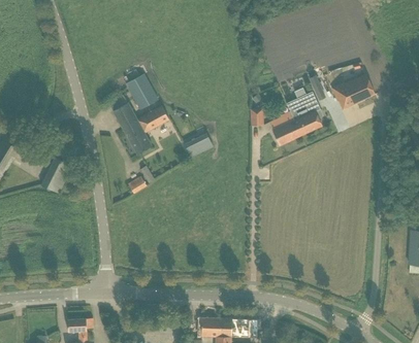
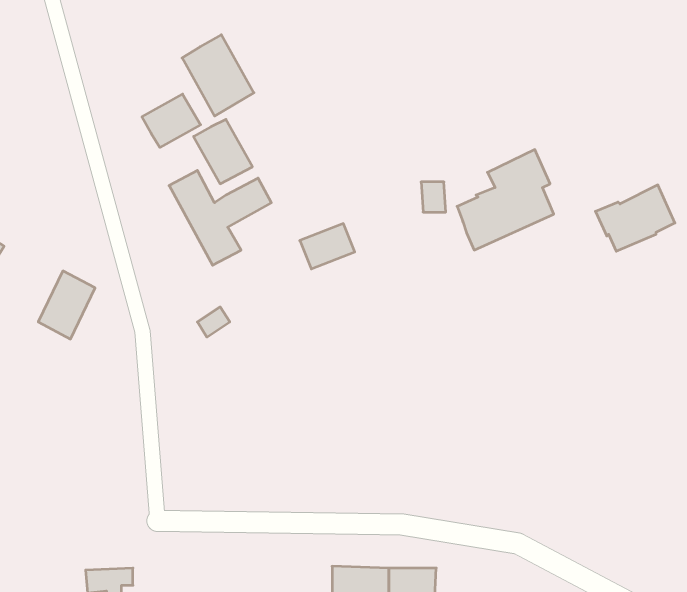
building: none -> [182,35,254,116]
building: none -> [142,94,201,147]
building: [331,73,375,109] -> [595,185,675,251]

